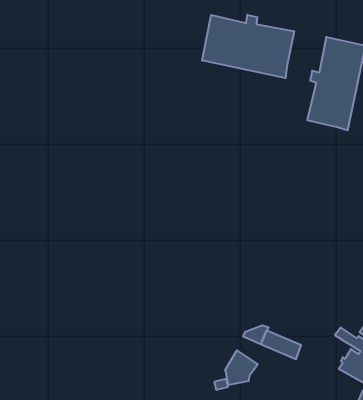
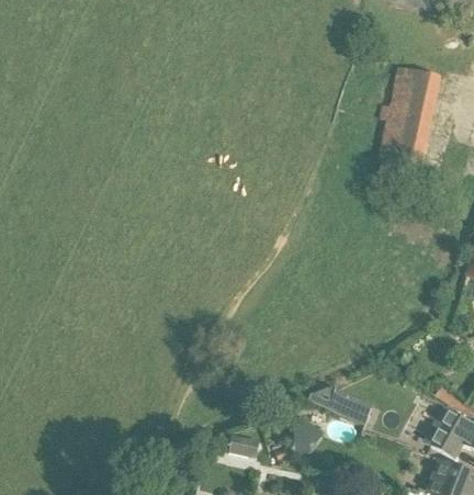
building: [202,15,294,78] -> none
building: none -> [228,434,260,459]

